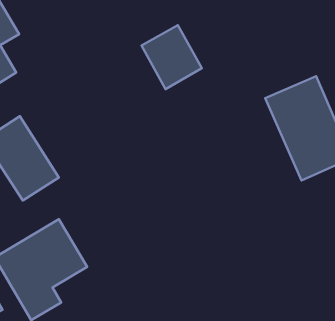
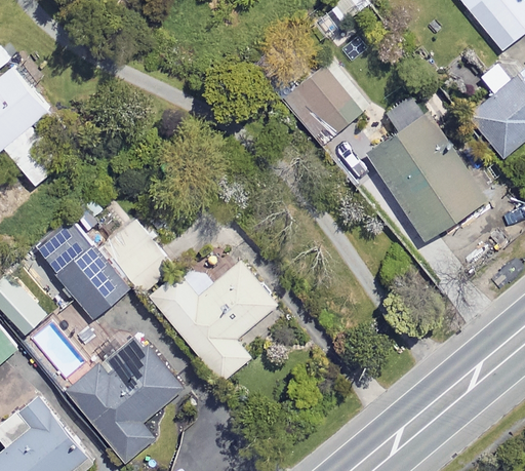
building: [142,25,202,89] -> [282,68,360,148]
building: none -> [154,260,277,382]

